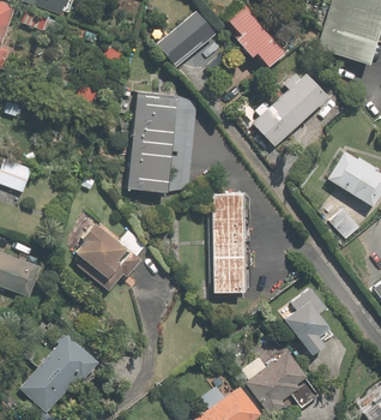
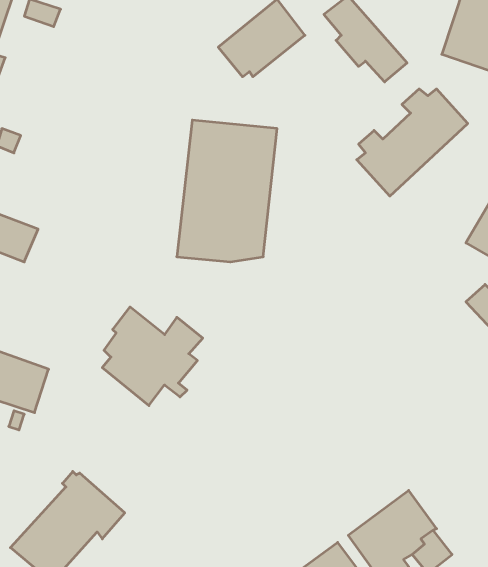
building: [213,192,247,293] -> none
building: [284,286,329,354] -> none

